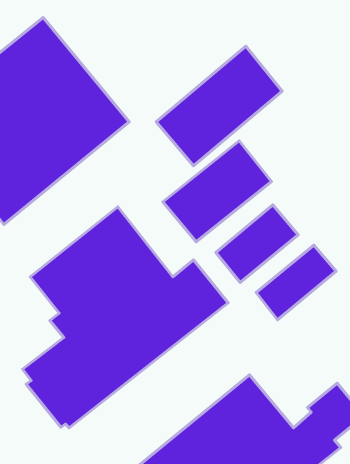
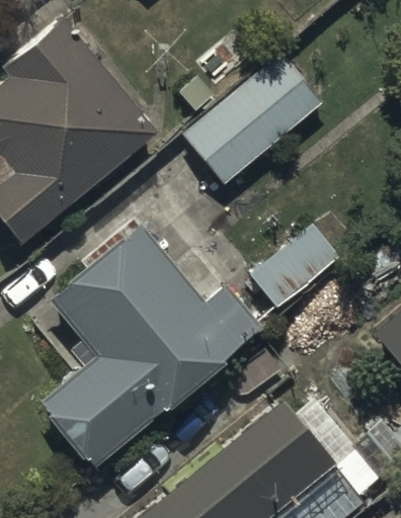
building: [163,141,271,242] -> none

